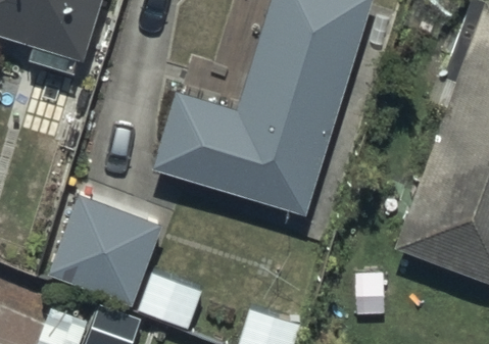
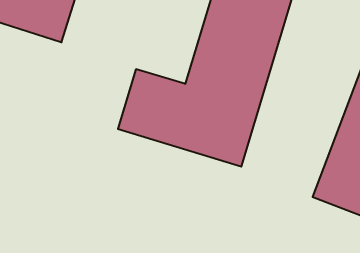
building: [48,194,163,306] -> none

